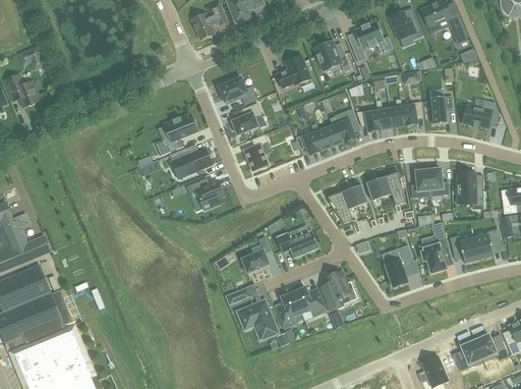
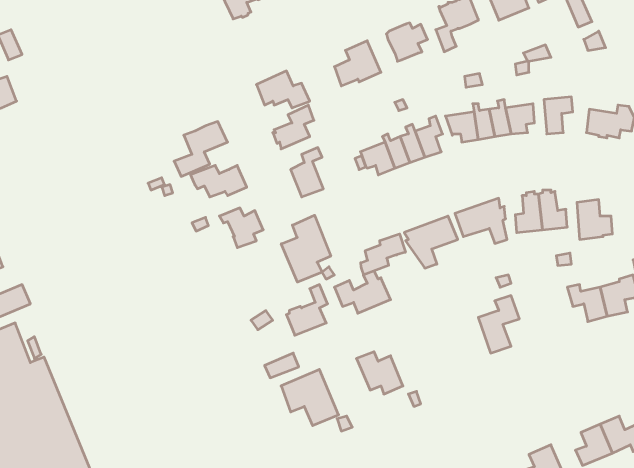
building: none -> [281,215,331,282]
building: none -> [361,234,405,275]
building: [420,227,450,273] -> none
building: [323,273,357,310] -> none
building: [275,291,302,329] -> none

